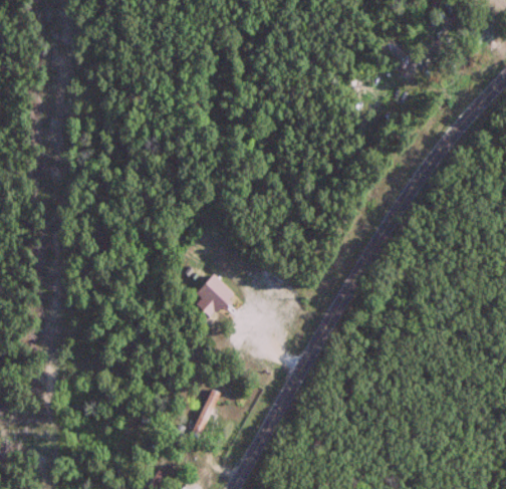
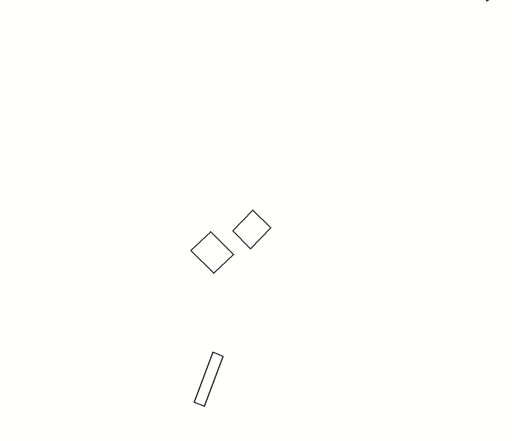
building: none -> [233,210,271,249]

